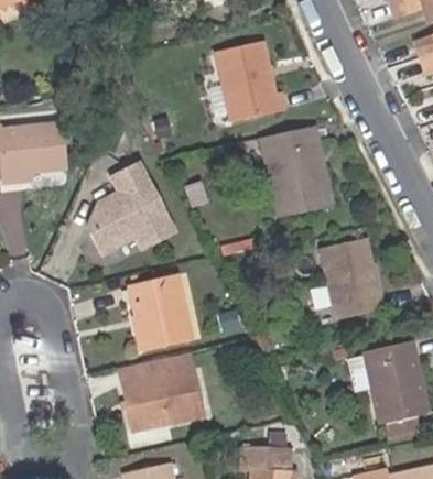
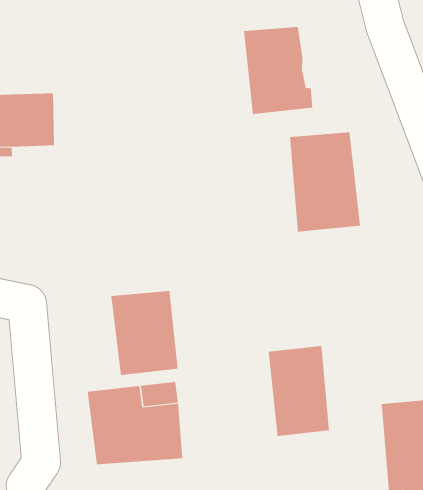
building: [83,162,174,262] -> none
building: [323,238,382,318] -> [268,346,330,436]

